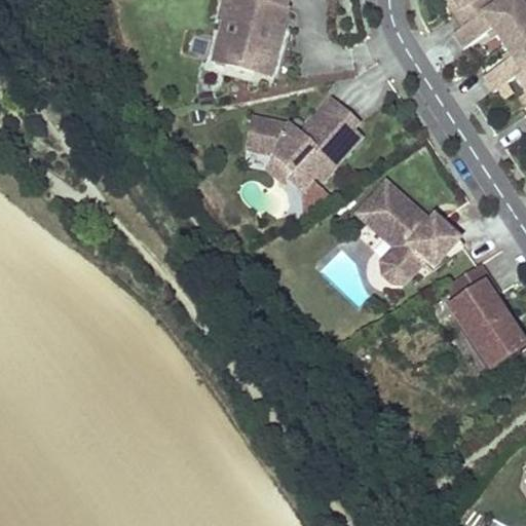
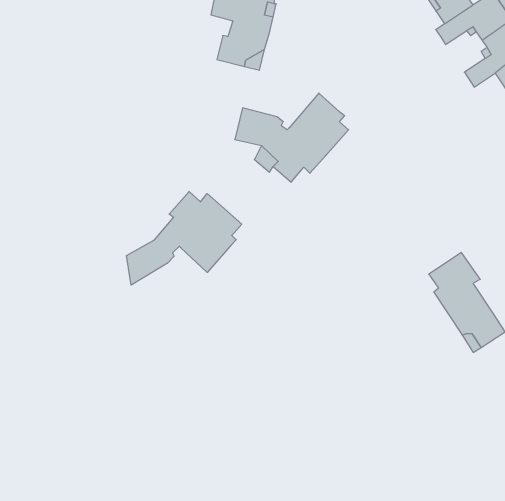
building: [209,15,242,62] -> none
building: [362,180,463,281] -> none
building: none -> [127,191,242,285]

